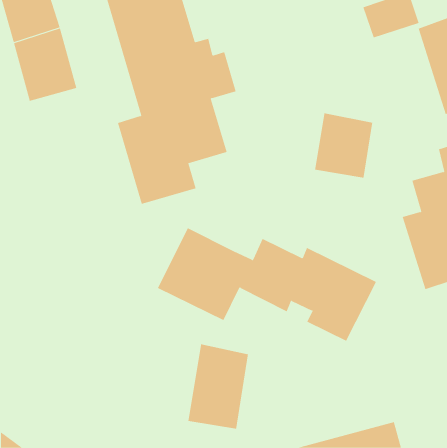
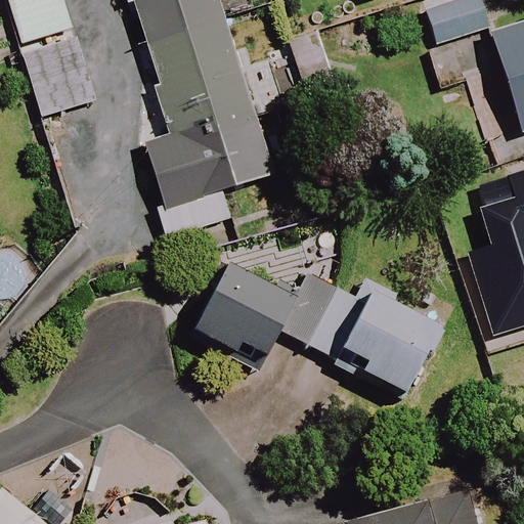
building: [315,112,373,178] -> none
building: [188,344,249,430] -> none

